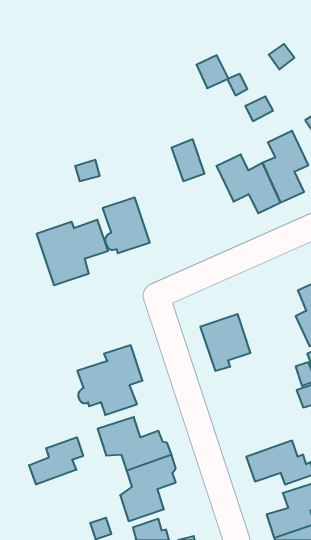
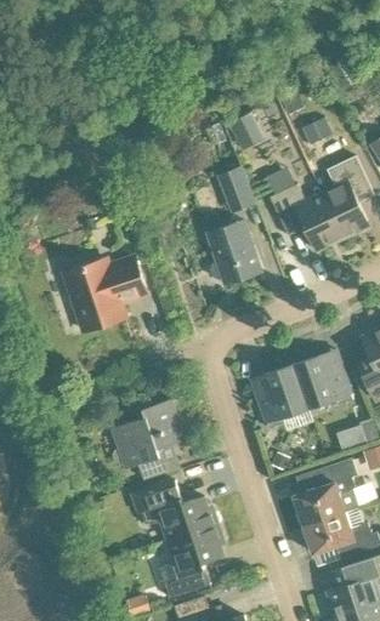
building: [196,55,229,88] -> [229,113,266,150]
building: [103,198,150,253] -> [208,221,261,284]
building: none -> [294,349,353,408]
building: none -> [294,458,358,525]
building: [29,437,83,484] -> none

